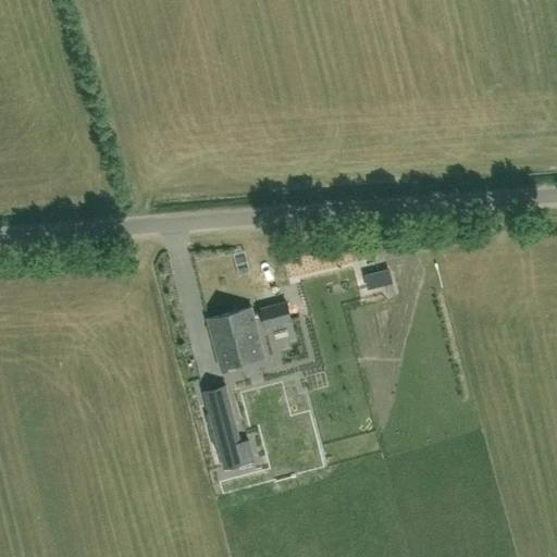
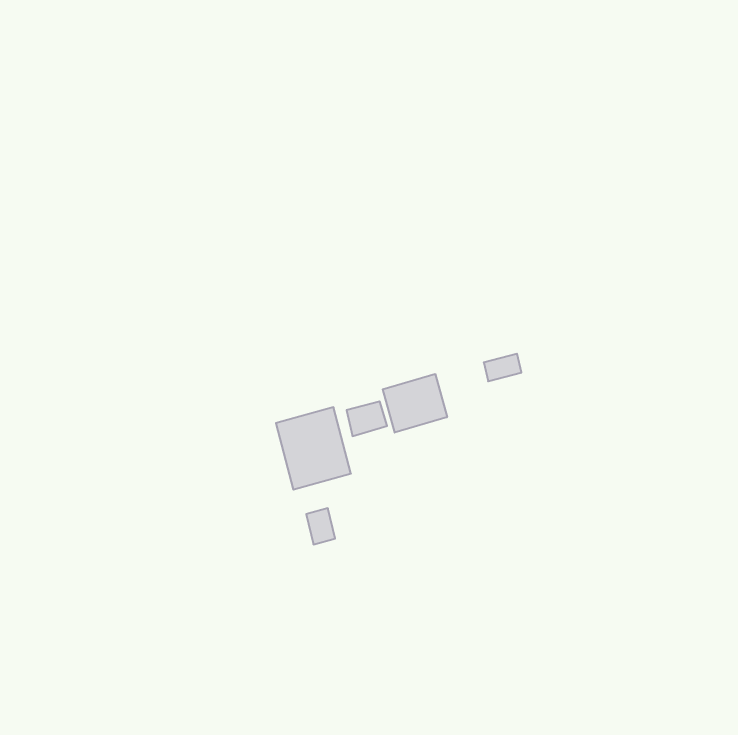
building: none -> [383,374,447,433]
building: [203,388,245,469] -> none

